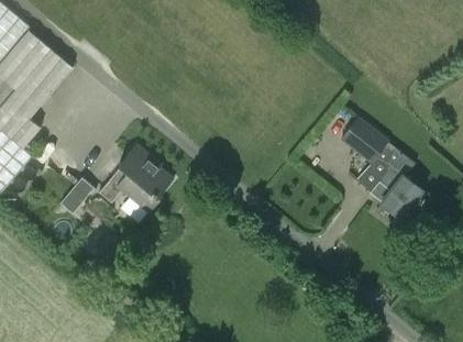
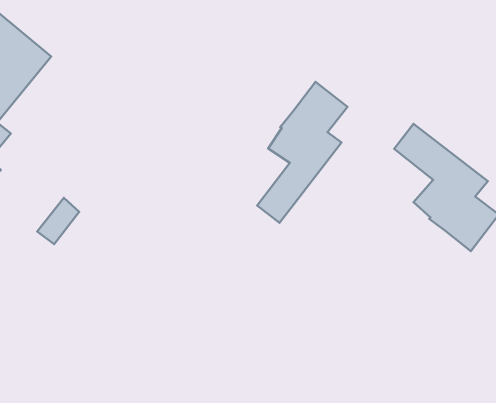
building: none -> [257,82,347,223]
building: [99,142,173,210] -> none

